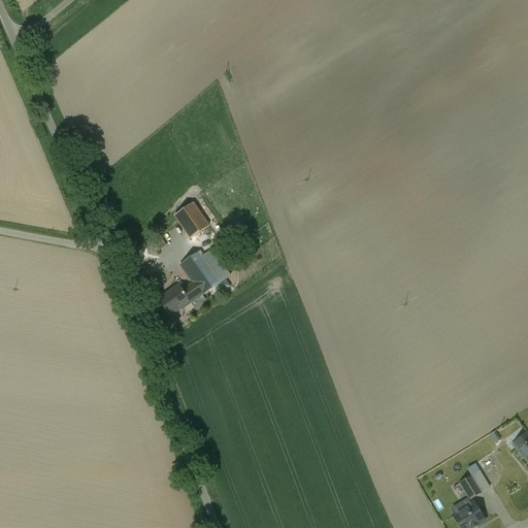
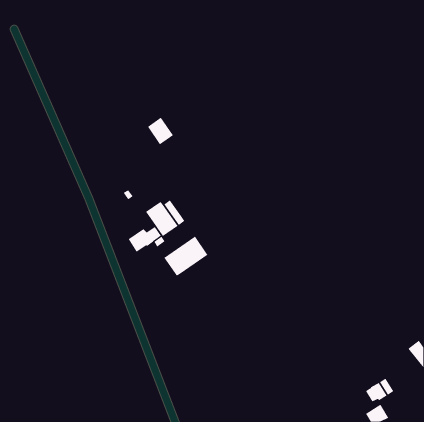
building: [175,201,208,236] -> [147,117,174,145]
building: none -> [163,236,208,277]

